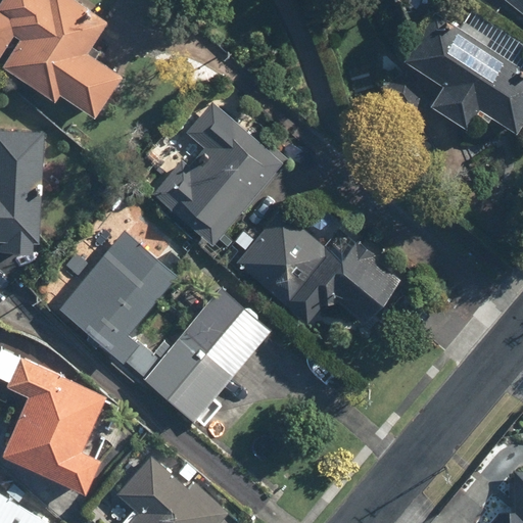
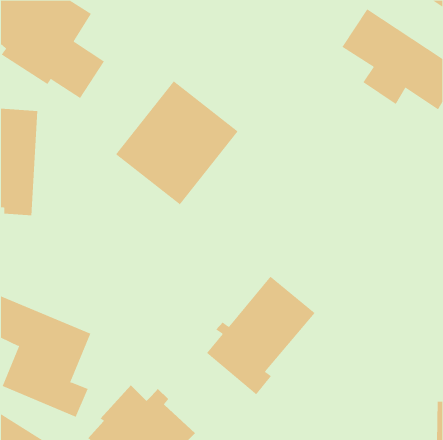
building: [237,206,401,328] -> none
building: [56,230,178,365] -> none
building: [145,286,274,427] -> [206,276,315,395]

